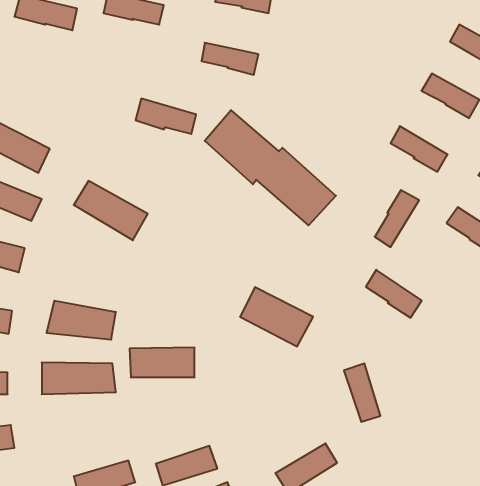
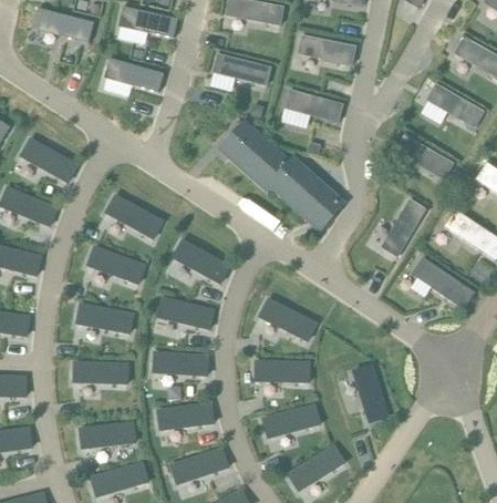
building: none -> [299,34,354,64]
building: none -> [286,90,342,123]
building: [136,99,196,134] -> [104,57,163,91]
building: none -> [170,238,230,285]
building: none -> [79,246,143,290]
building: [366,270,422,318] -> [420,261,474,308]
building: none -> [155,295,215,330]
building: none -> [253,359,310,382]
building: none -> [147,401,208,433]
building: none -> [261,402,321,439]
building: none -> [79,420,136,448]

